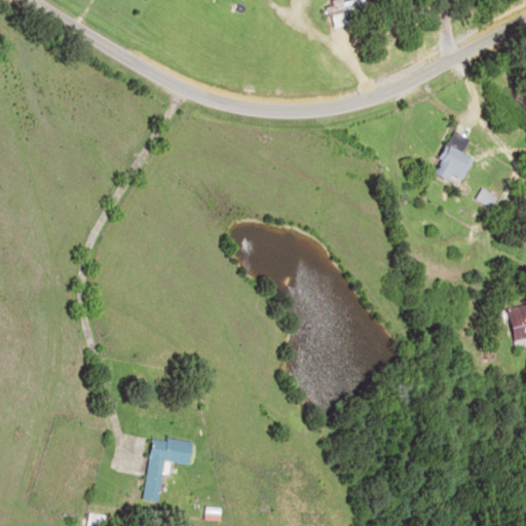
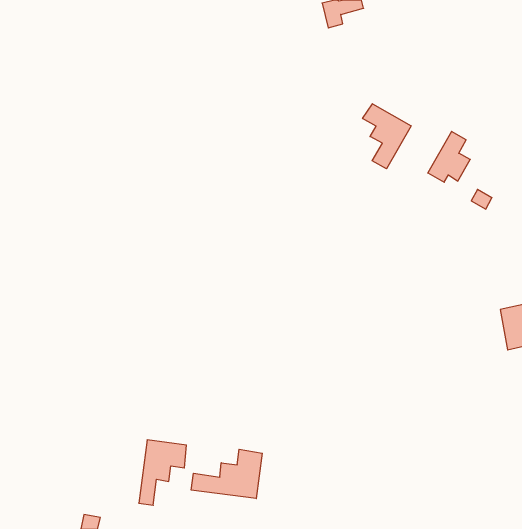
building: none -> [363,104,411,169]
building: none -> [191,449,262,499]

